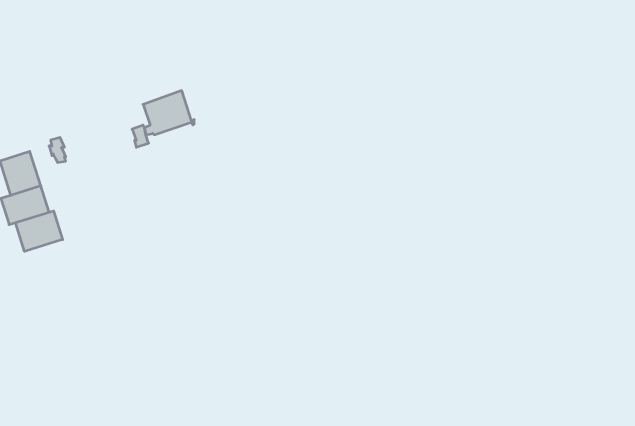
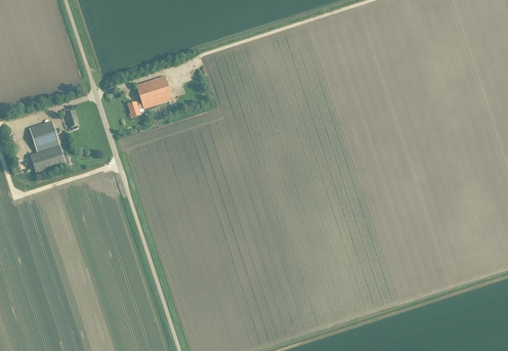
building: [16,211,63,251] -> none

